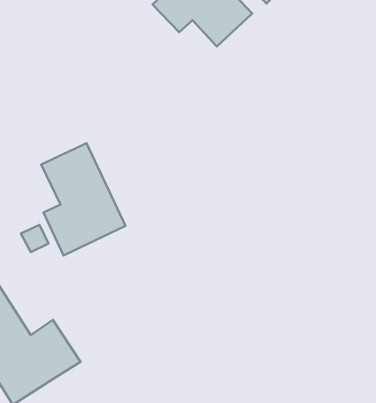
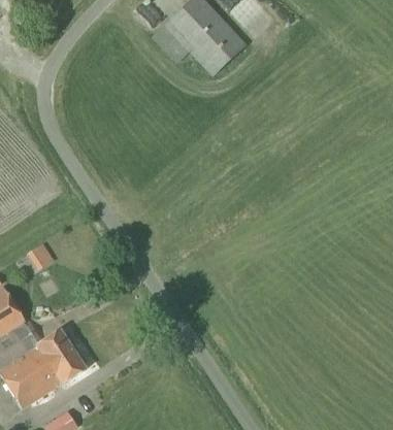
building: [41,143,125,255] -> none

